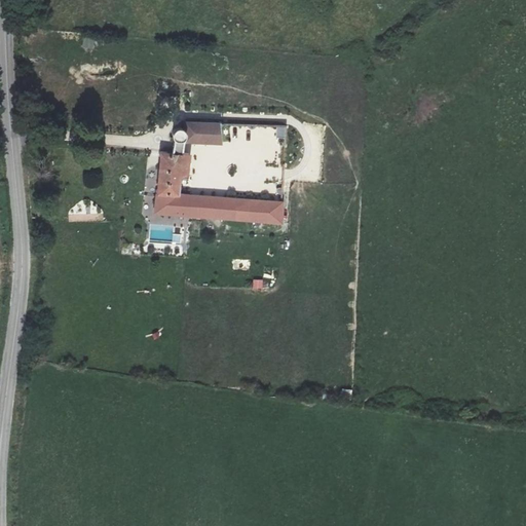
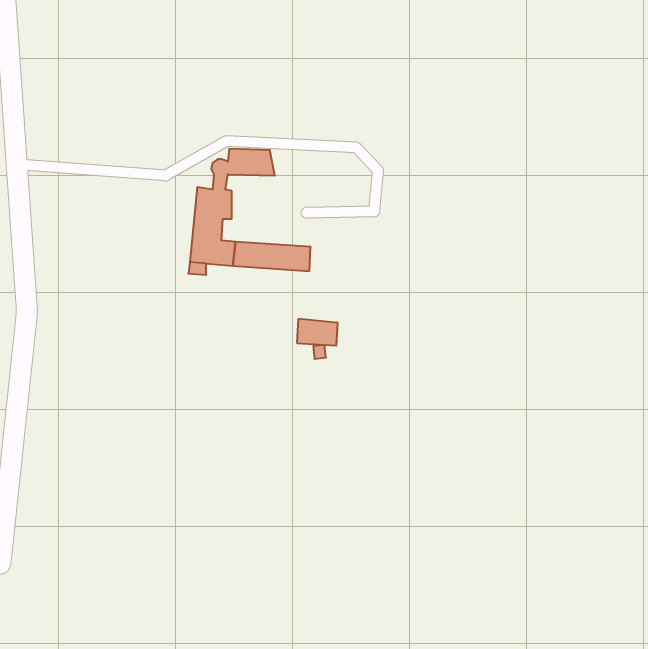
building: [252,200,285,222] -> [297,319,338,346]

